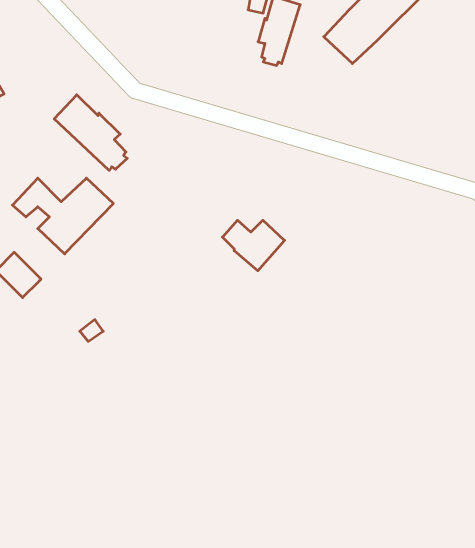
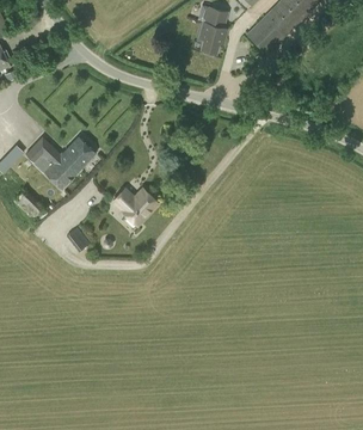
building: [54,95,127,170] -> none
building: [222,220,285,271] -> [113,189,158,225]

